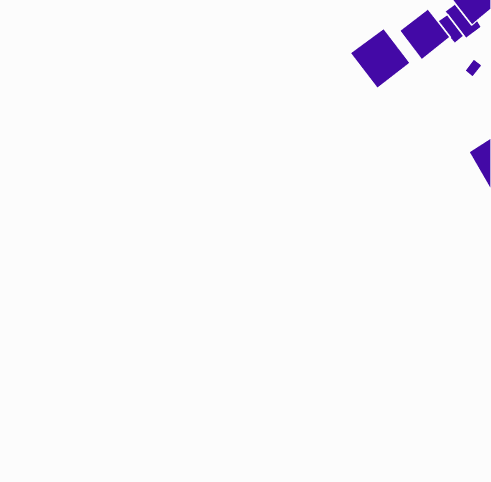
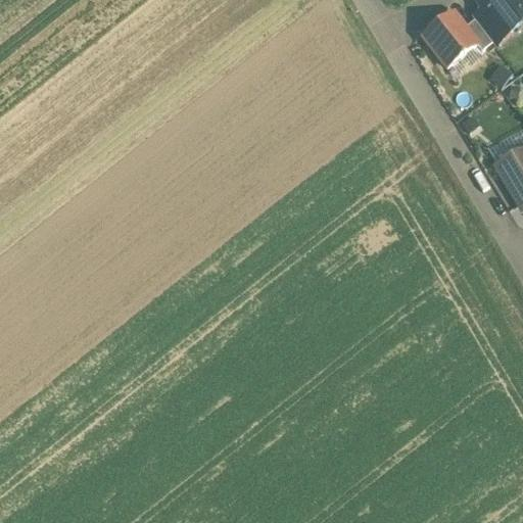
building: [350,28,410,88] -> none

